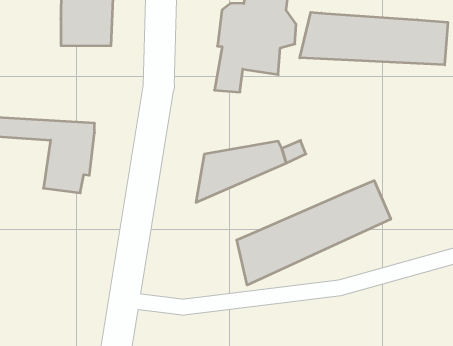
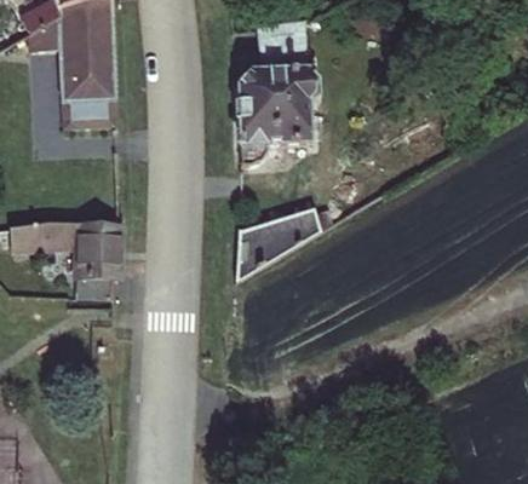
building: [300,12,448,65] -> none
building: [237,181,391,285] -> none

